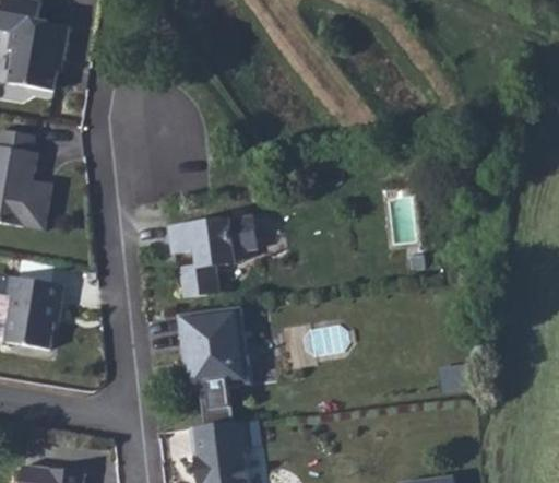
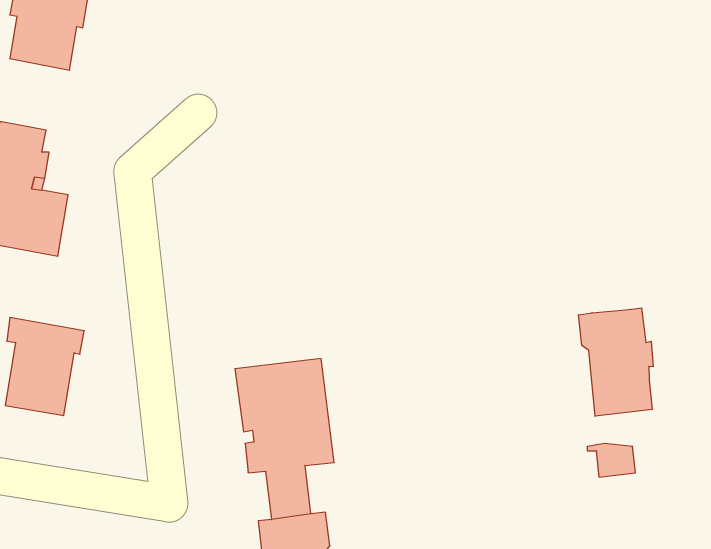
building: [168,215,254,295] -> none
building: none -> [579,308,653,416]

